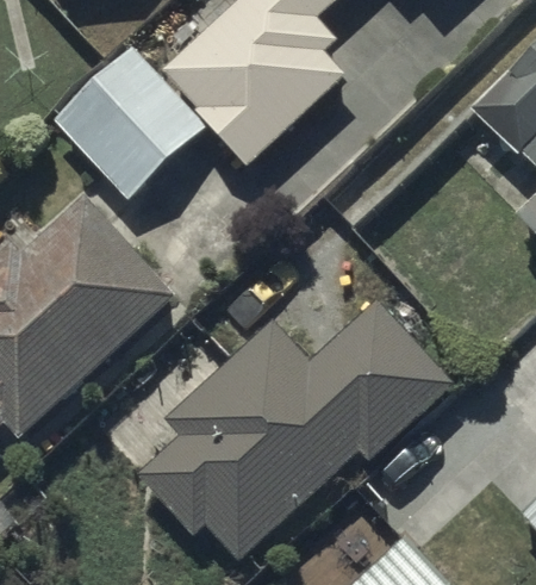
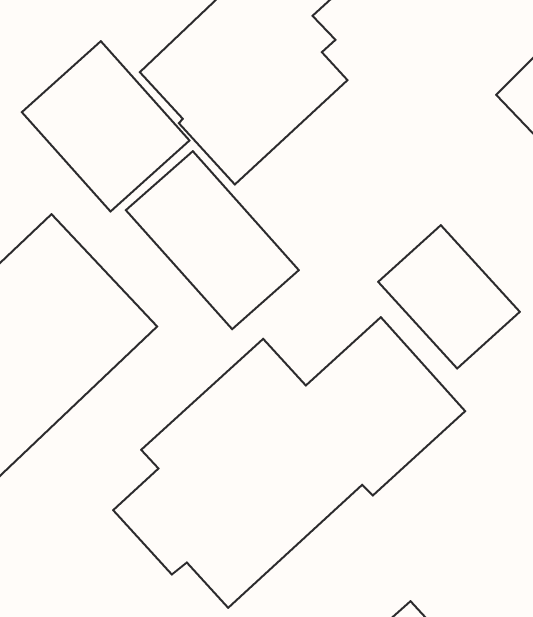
building: none -> [126,151,299,329]
building: none -> [378,225,520,368]

